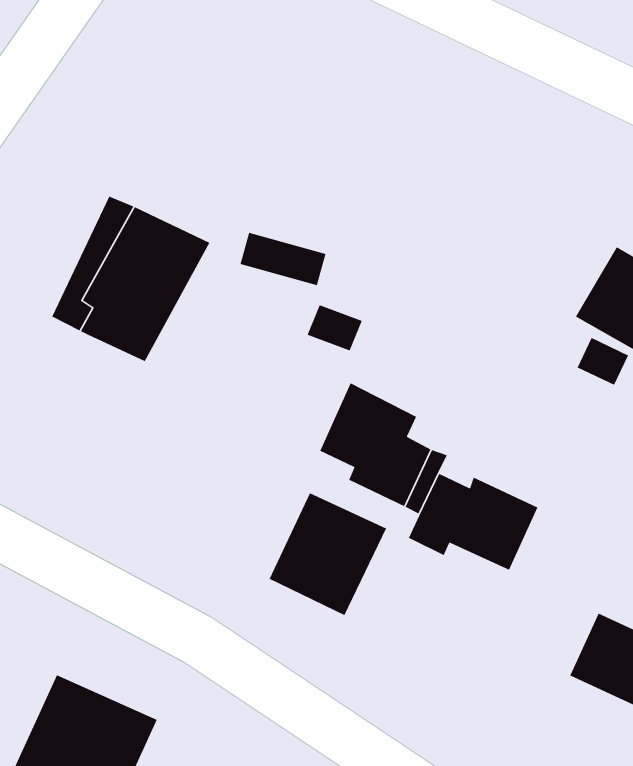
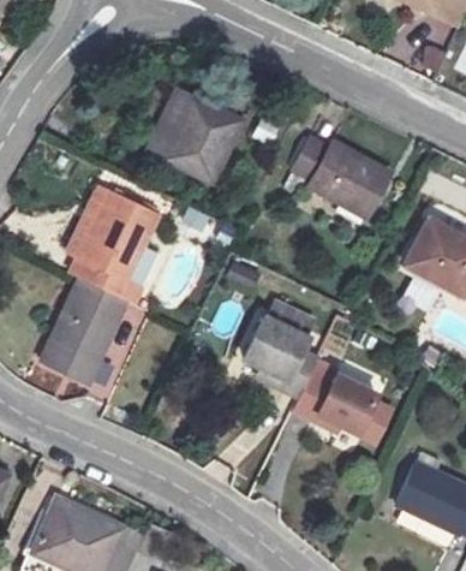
building: none -> [162,96,240,182]
building: none -> [292,139,393,216]
building: none -> [40,278,129,382]
building: [269,492,387,616] -> none

